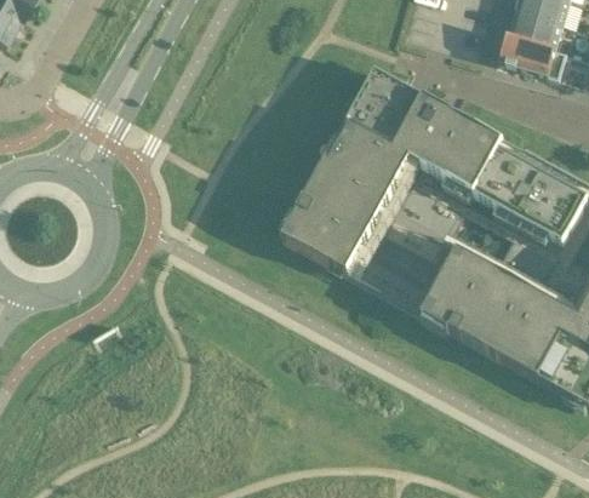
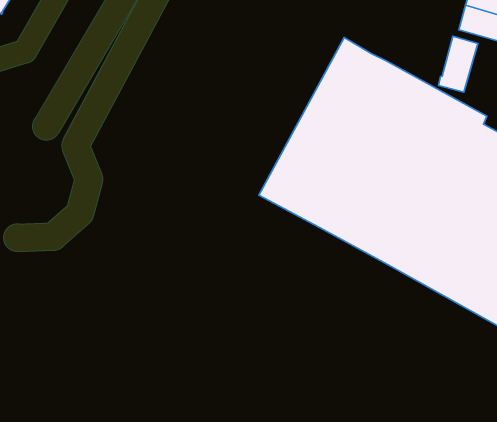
building: none -> [438,36,478,92]

